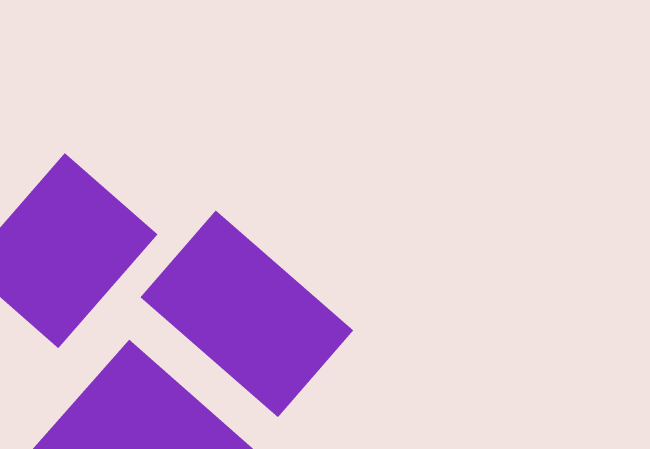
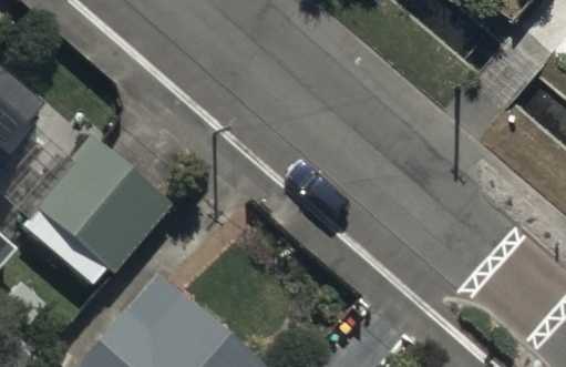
building: [140,210,354,418] -> none

